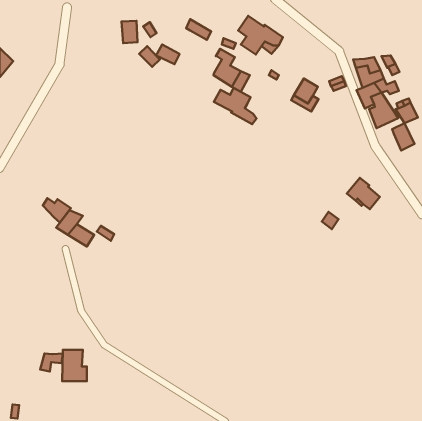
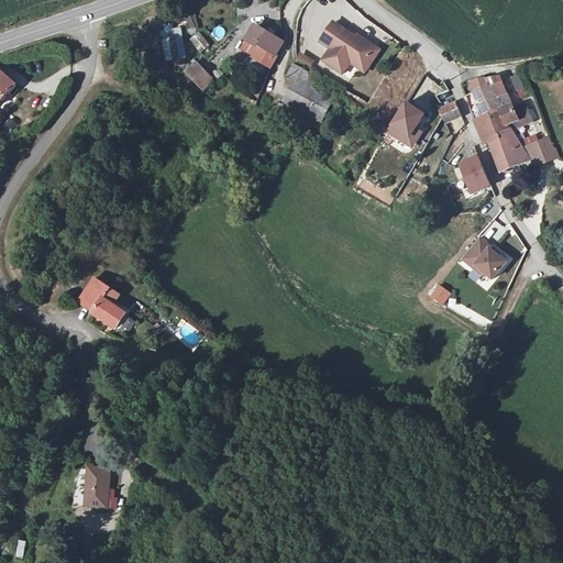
building: [156,44,180,64] -> [244,41,276,67]
building: [214,88,257,124] -> none
building: [392,123,415,151] -> [460,156,489,192]
building: [43,198,71,223] -> none
building: [40,354,63,372] -> none

